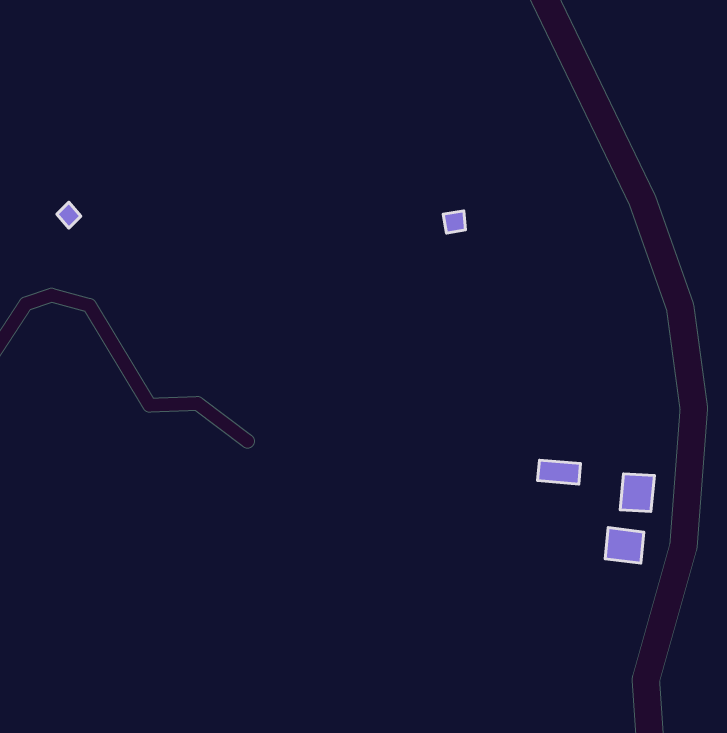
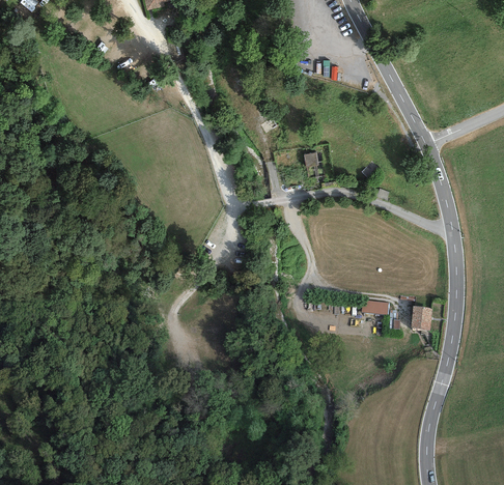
building: [605,528,644,563] -> none

